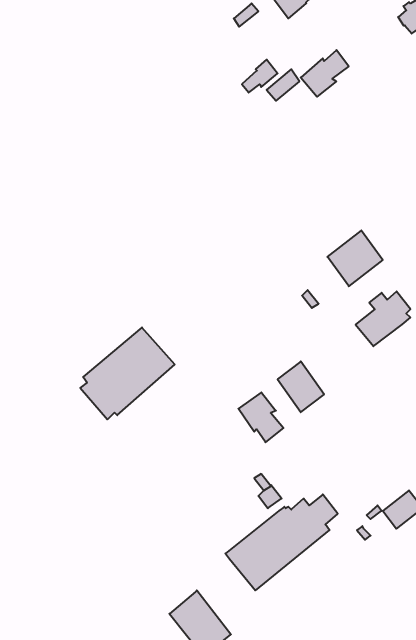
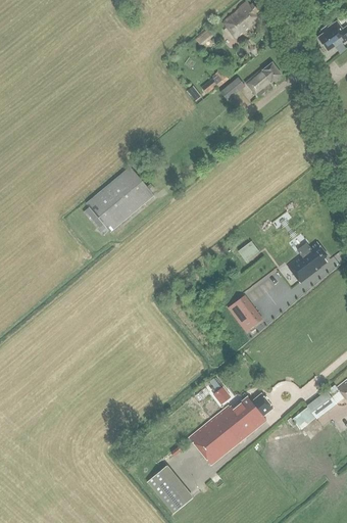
building: [327,230,383,286] -> none
building: [80,327,175,419] -> [83,167,153,235]
building: [238,392,283,442] -> none

